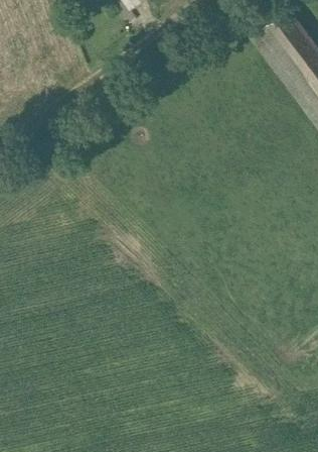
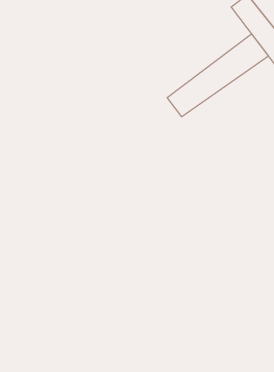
building: none -> [167,34,268,117]

